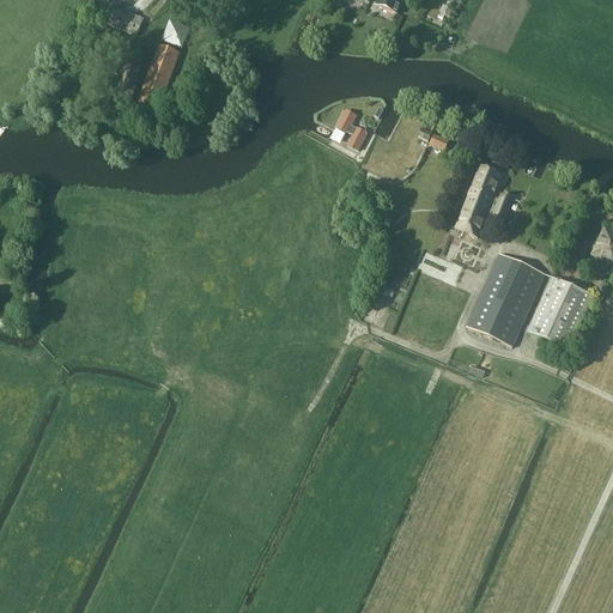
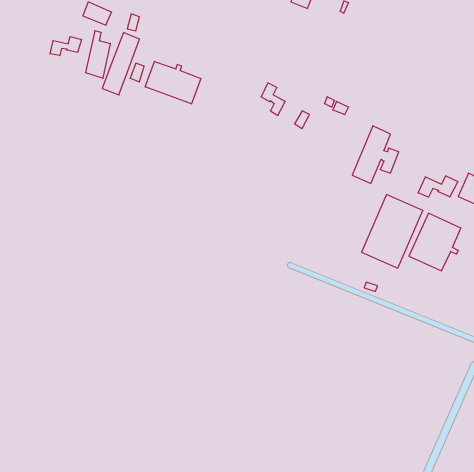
building: none -> [50,37,81,56]
building: none -> [145,61,201,104]
building: none -> [418,176,458,197]

